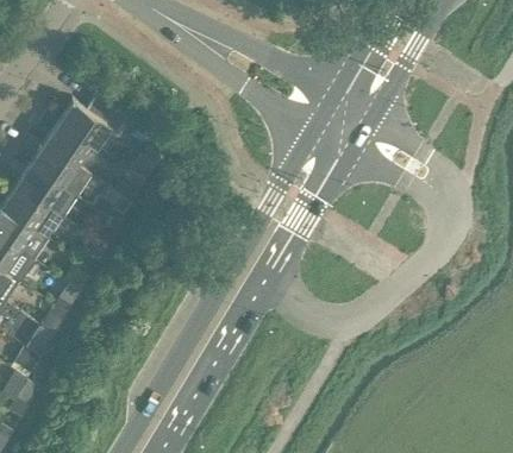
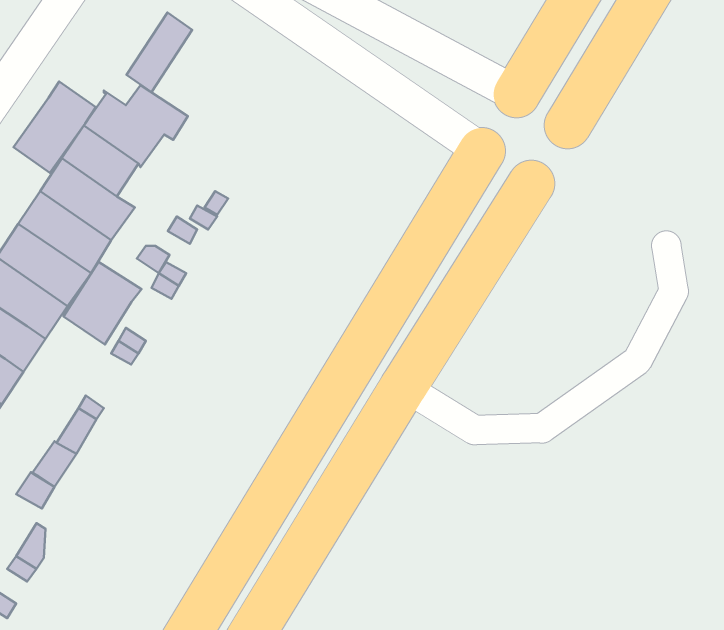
building: none -> [127,12,192,92]
building: none -> [13,82,96,173]
building: none -> [63,262,142,344]

